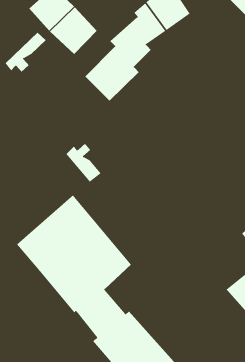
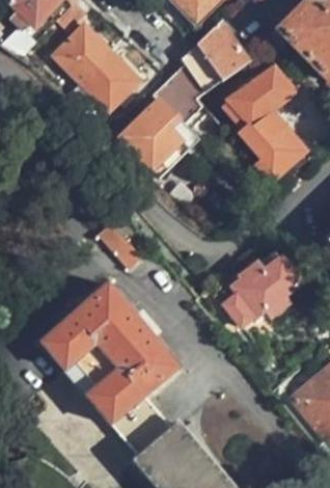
building: none -> [227,61,305,184]
building: [5,32,47,73] -> none
building: none -> [225,250,300,324]

